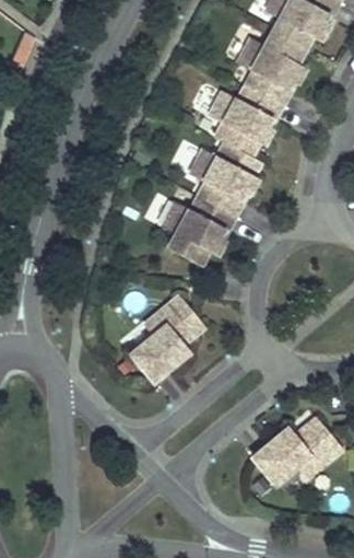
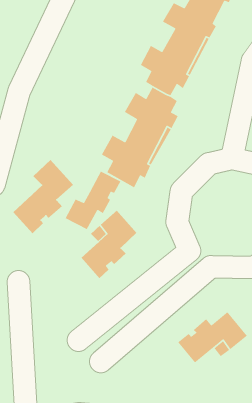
building: none -> [12,159,74,234]
building: none -> [64,171,121,230]

